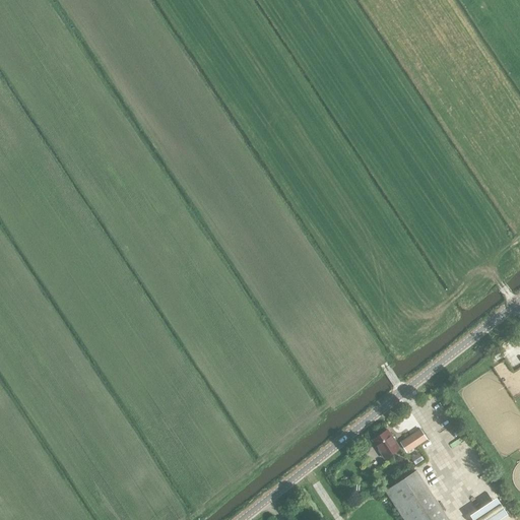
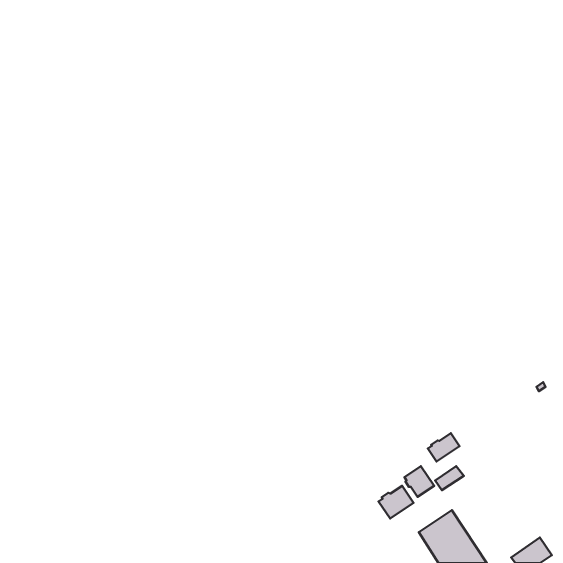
building: none -> [428,433,460,461]
building: none -> [379,486,414,519]

